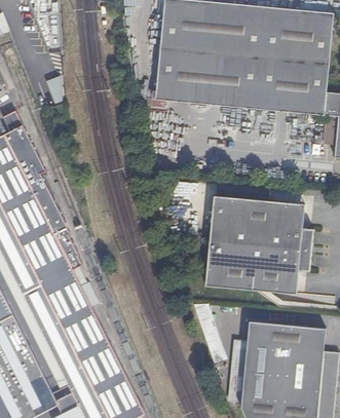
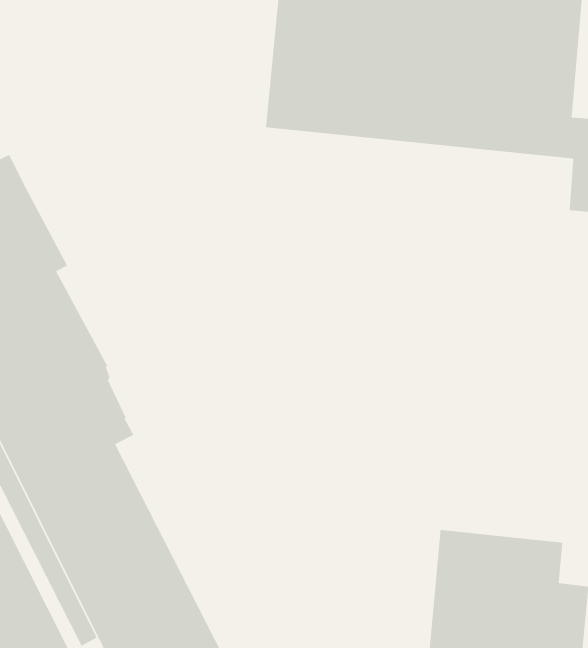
building: [205,194,313,291] -> none

